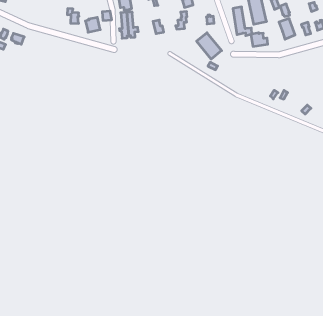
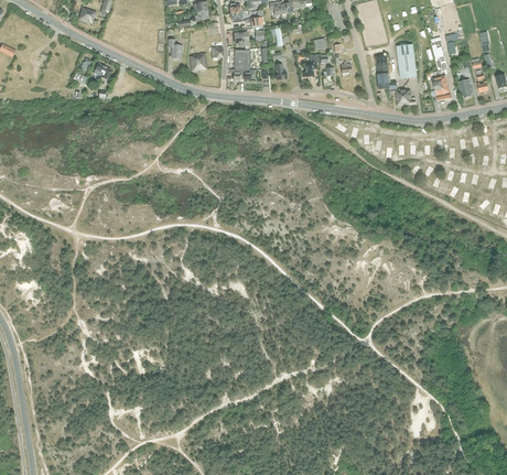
building: [197,33,222,59] -> none

